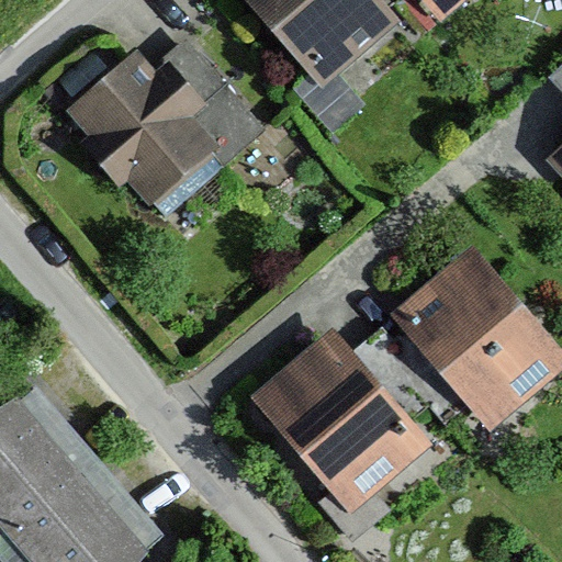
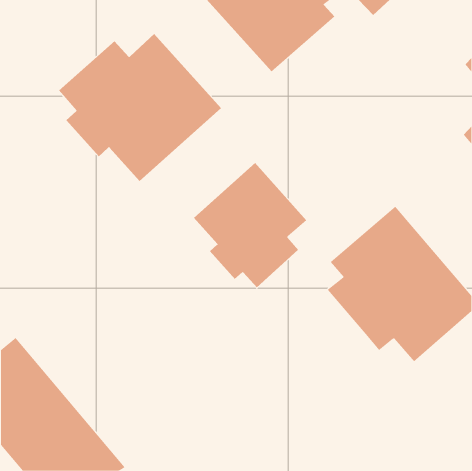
building: none -> [193,162,307,288]
building: [252,329,434,510] -> none

